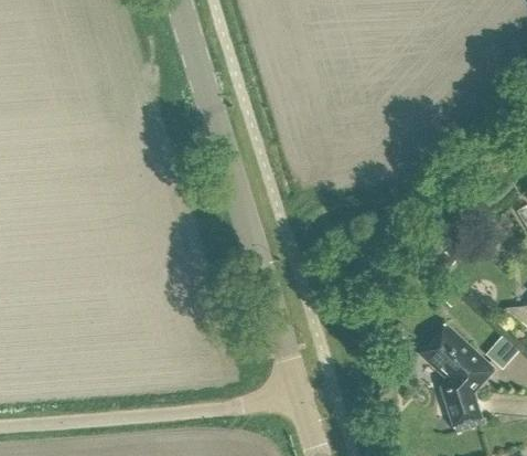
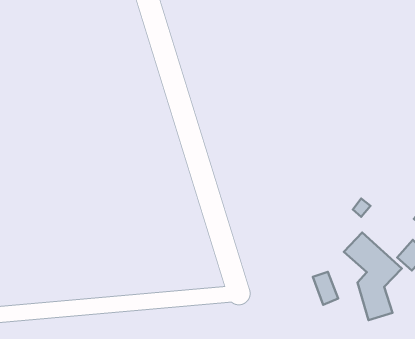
building: none -> [313,272,338,305]

